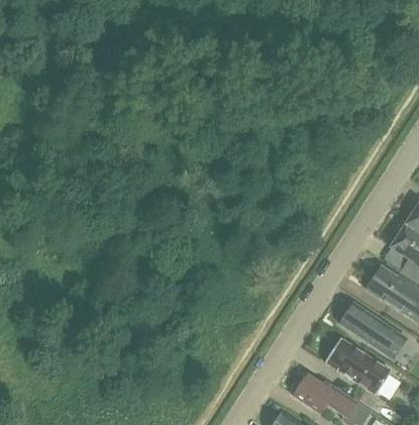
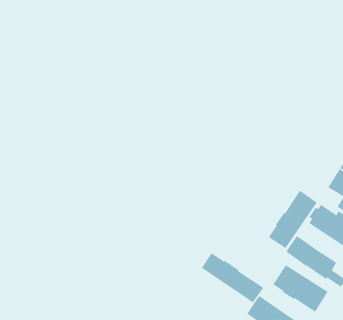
building: none -> [268,190,317,249]
building: none -> [201,252,264,303]

